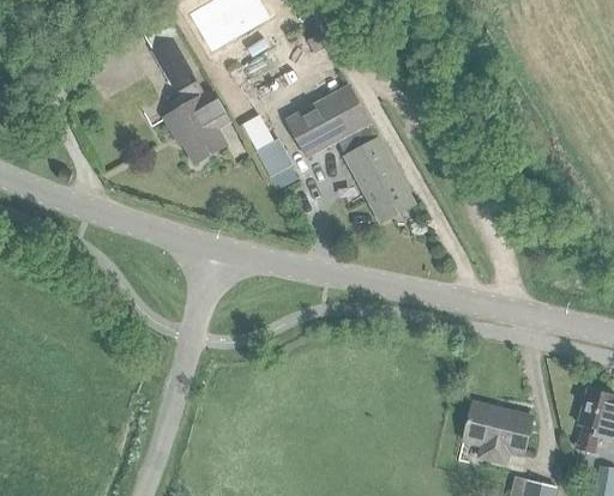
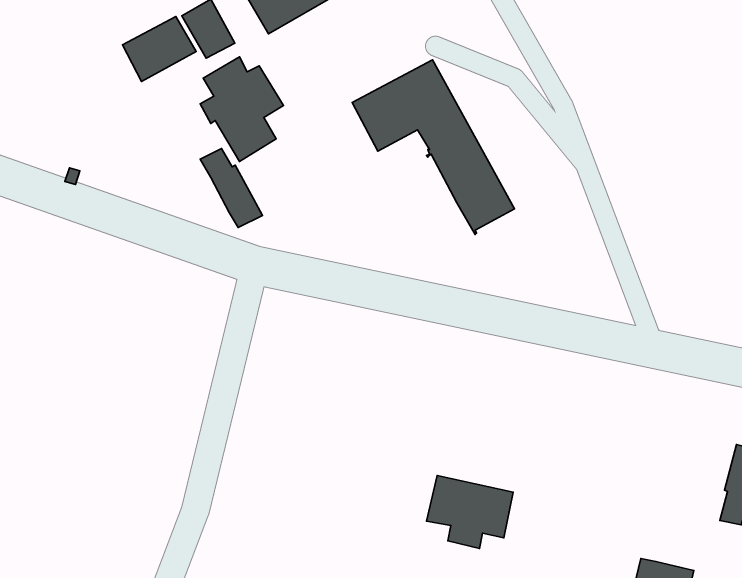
building: none -> [122,16,196,82]
building: [248,127,297,189] -> [200,149,262,228]
building: [464,403,532,460] -> [426,475,513,548]

